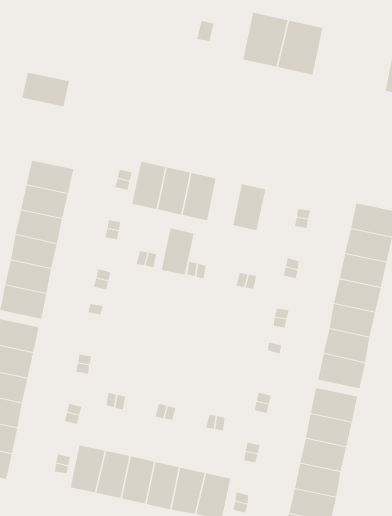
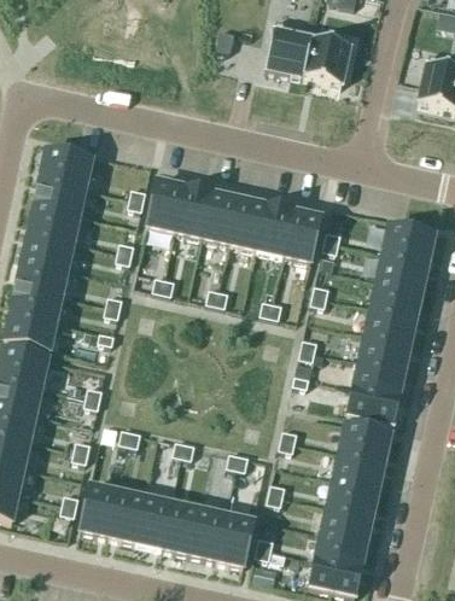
building: [21,72,70,107] -> [39,151,91,188]
building: none -> [281,210,319,261]
building: [161,228,195,275] -> [228,198,264,249]

